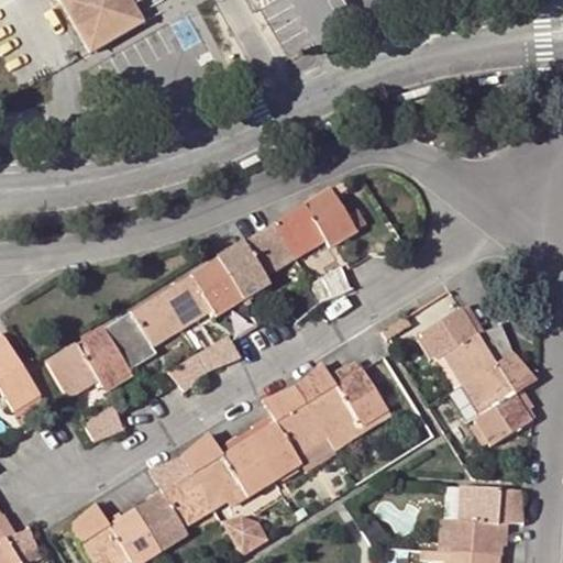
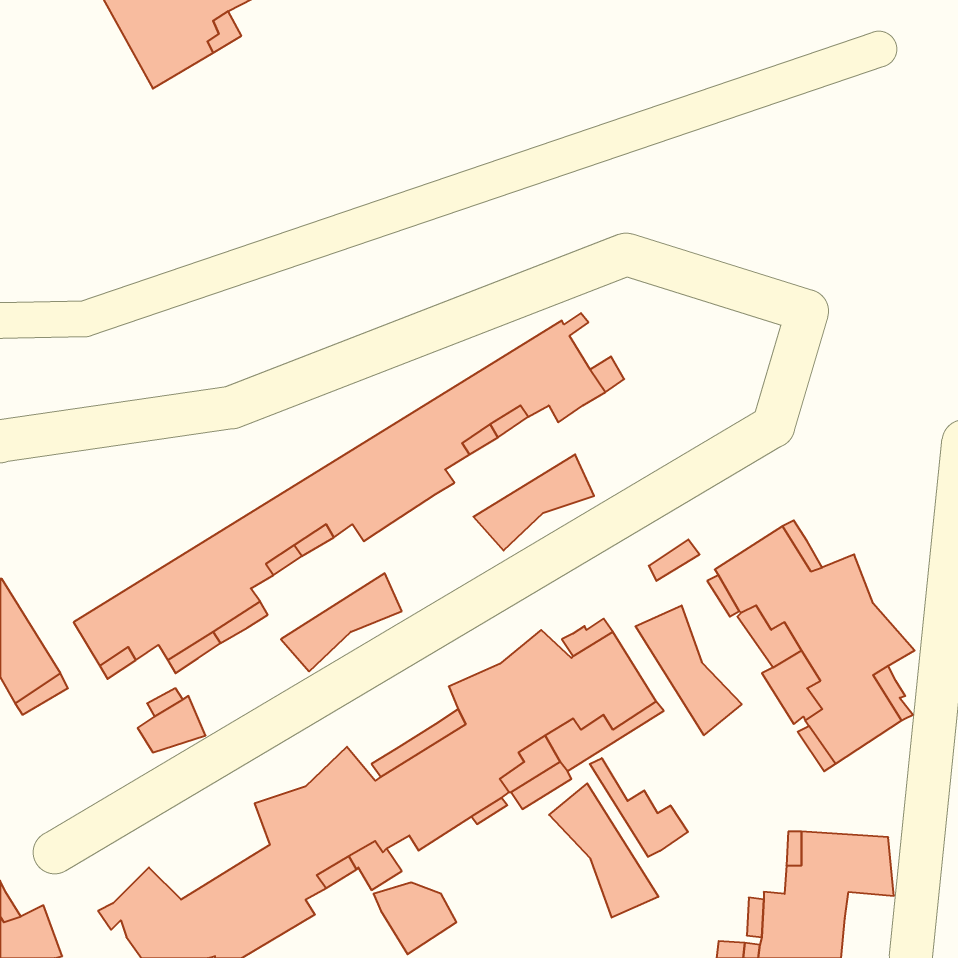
building: none -> [635,605,742,735]
building: none -> [590,758,688,857]
building: none -> [549,783,658,918]

